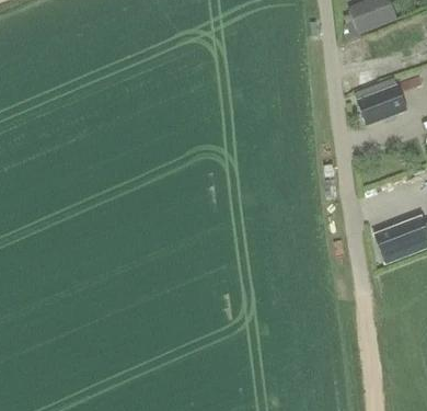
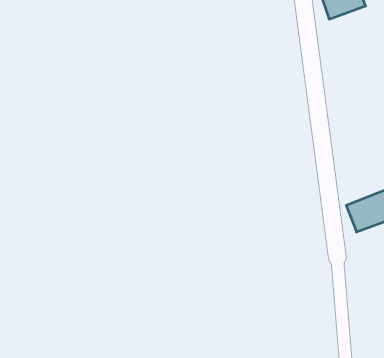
building: [355,83,402,123] -> none

